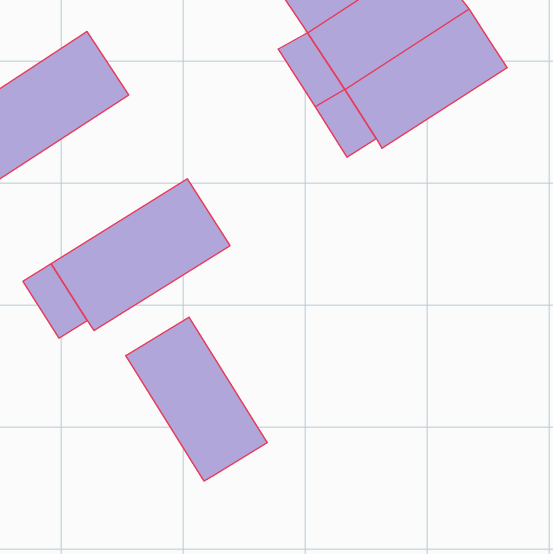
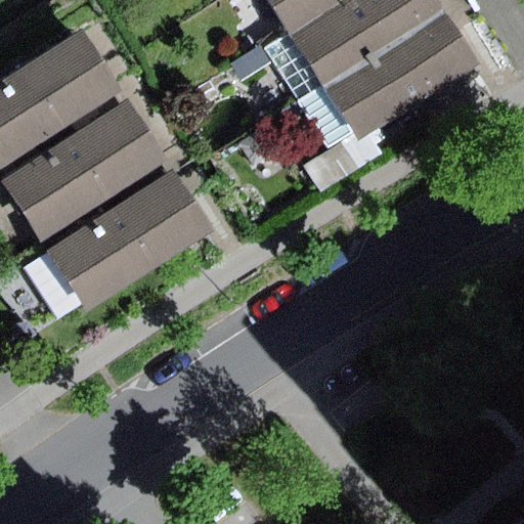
building: none -> [4,100,167,239]
building: [126,317,267,481] -> none

